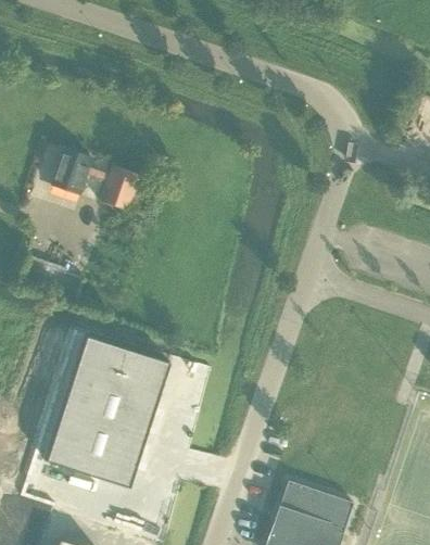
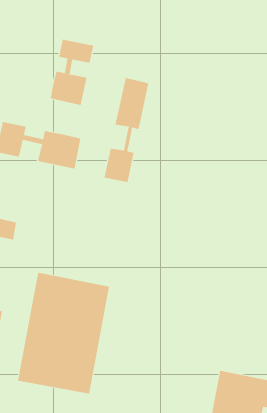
building: none -> [50,39,94,106]
building: none -> [104,77,149,183]

